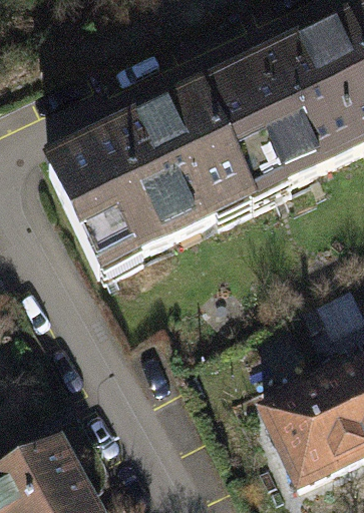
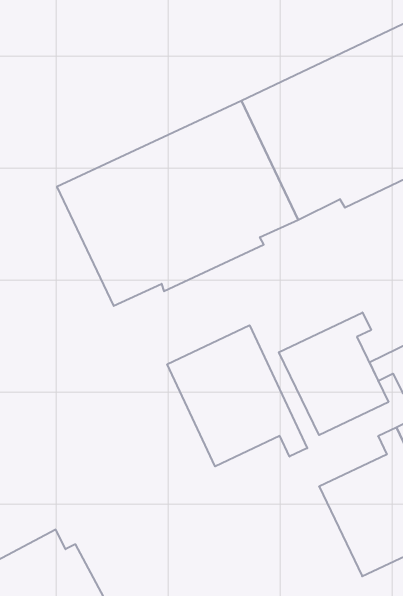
building: none -> [279,312,388,435]
building: none -> [167,325,307,466]

